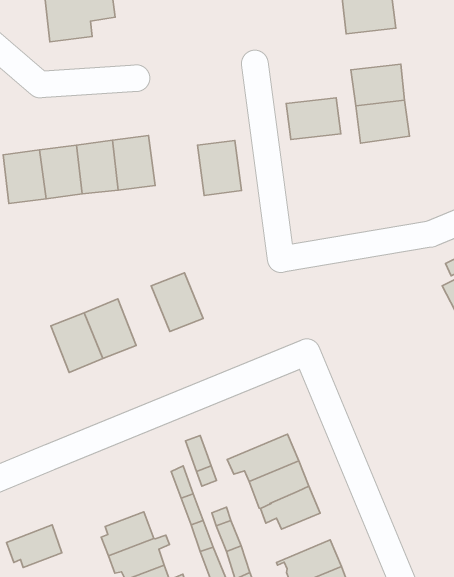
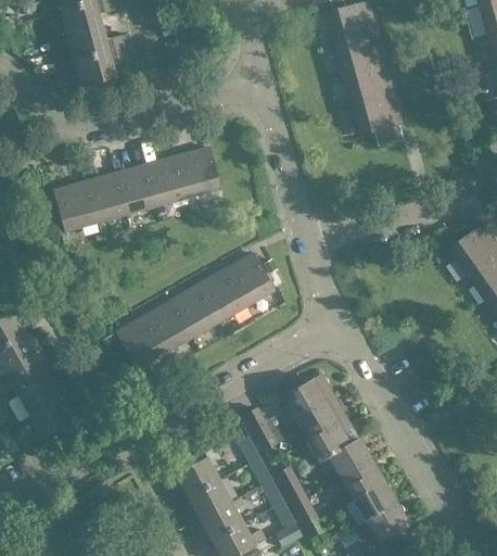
building: [286,98,341,139] -> [334,31,385,73]
building: [198,140,241,195] -> [177,146,220,197]
building: none -> [225,252,275,305]
building: none -> [170,283,219,337]
building: none -> [278,372,333,424]
building: none -> [333,458,383,506]
building: [7,525,62,567] -> [170,456,219,496]

